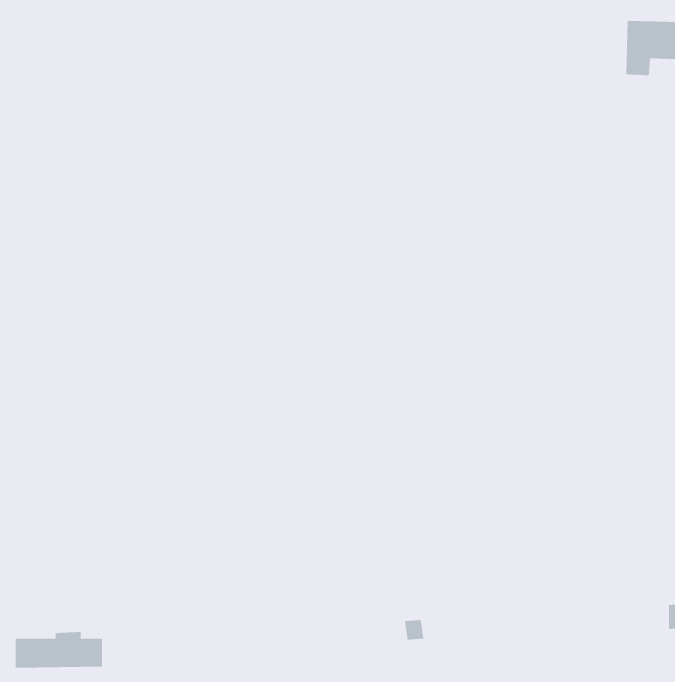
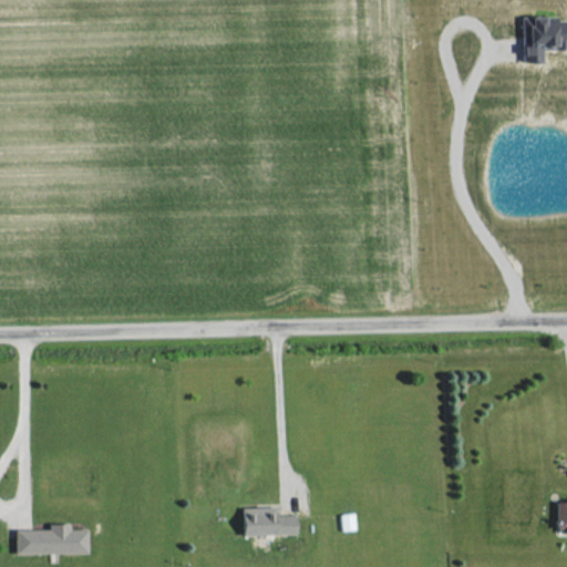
building: none -> [244,507,299,537]

